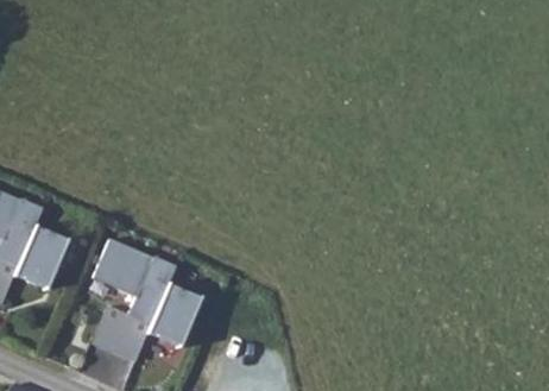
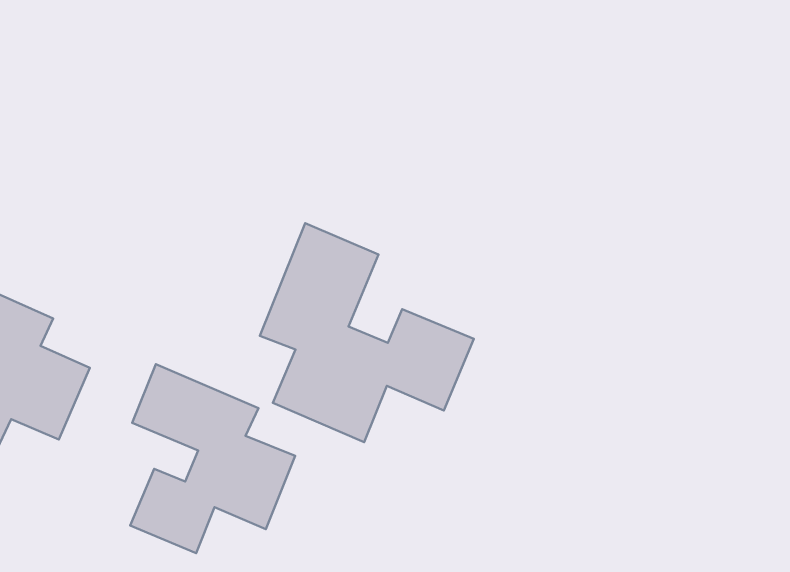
building: none -> [260,223,474,442]

